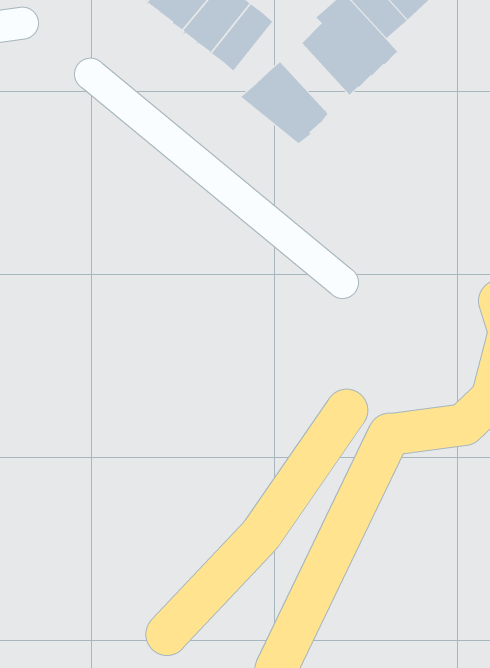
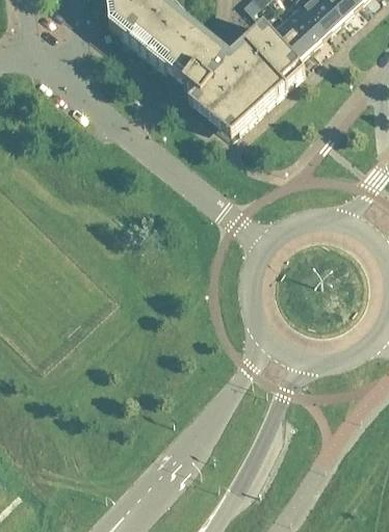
building: none -> [185,42,227,89]
building: none -> [219,57,270,109]

